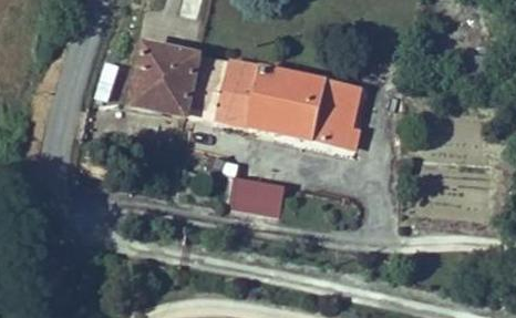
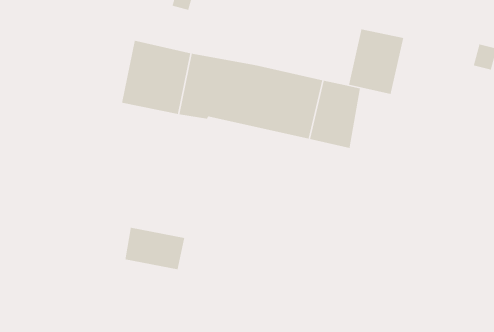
building: none -> [348,29,404,95]
building: [226,172,283,213] -> [124,227,185,270]

